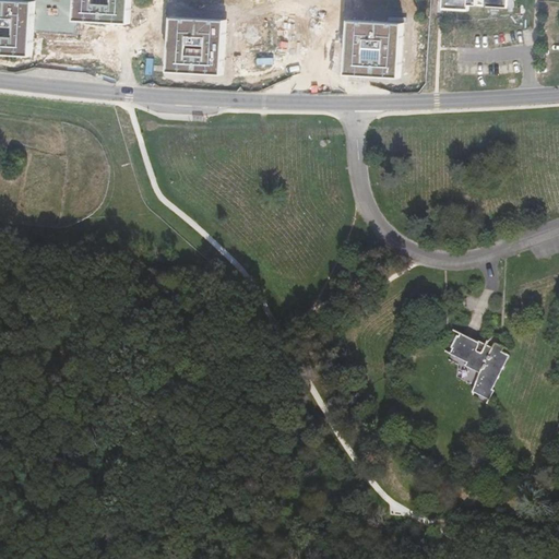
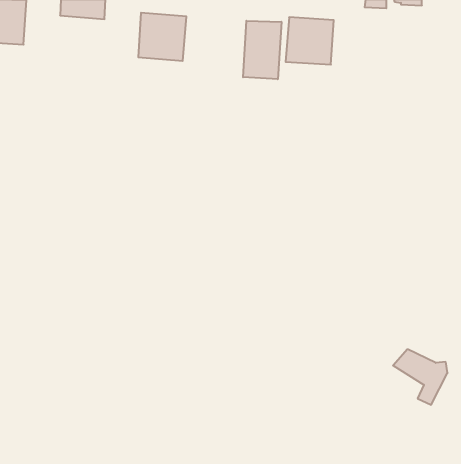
building: none -> [243,21,281,79]
building: [437,331,502,397] -> [393,349,448,405]

